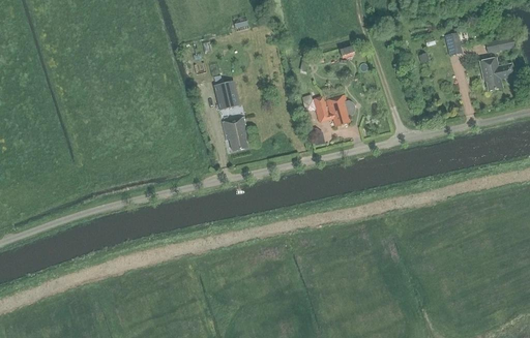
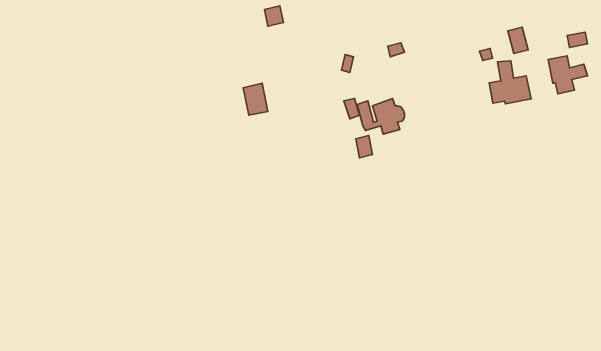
building: none -> [489,61,531,104]
building: [223,117,248,150] -> none

